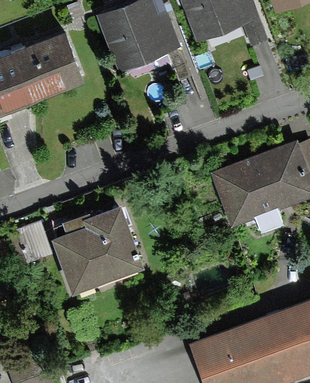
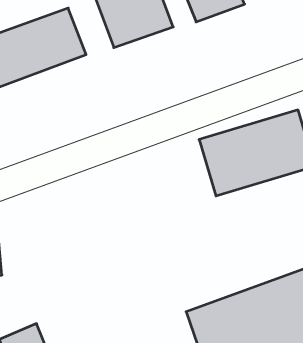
building: [43,199,140,295] -> none

